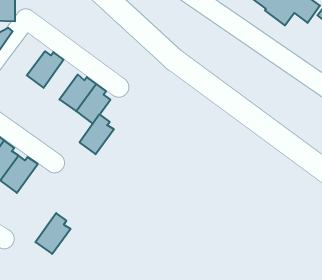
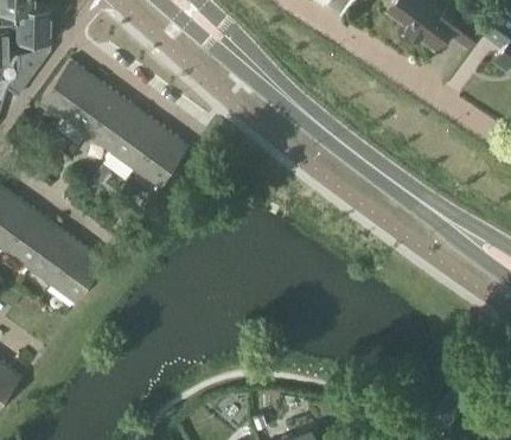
building: none -> [43,63,92,120]
building: [80,114,114,154] -> [90,97,139,154]
building: [35,213,71,254] -> [52,245,102,304]

